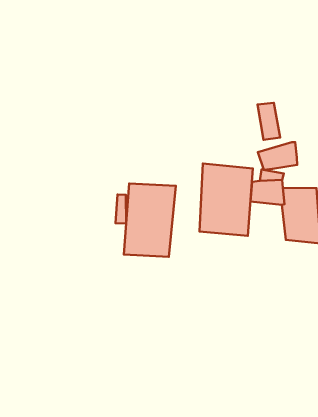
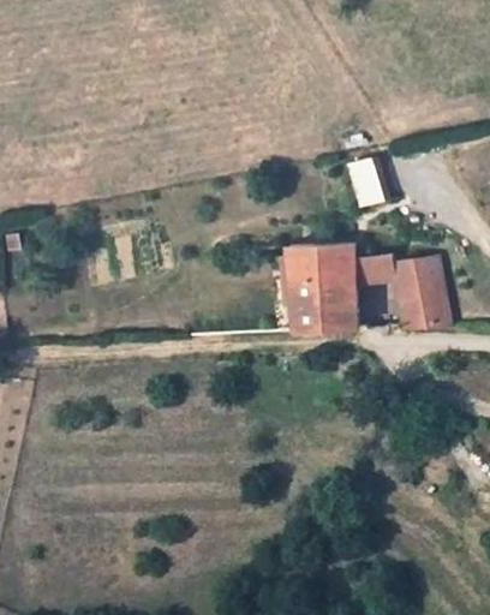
building: [258,142,297,170] -> none
building: [124,183,176,257] -> none

